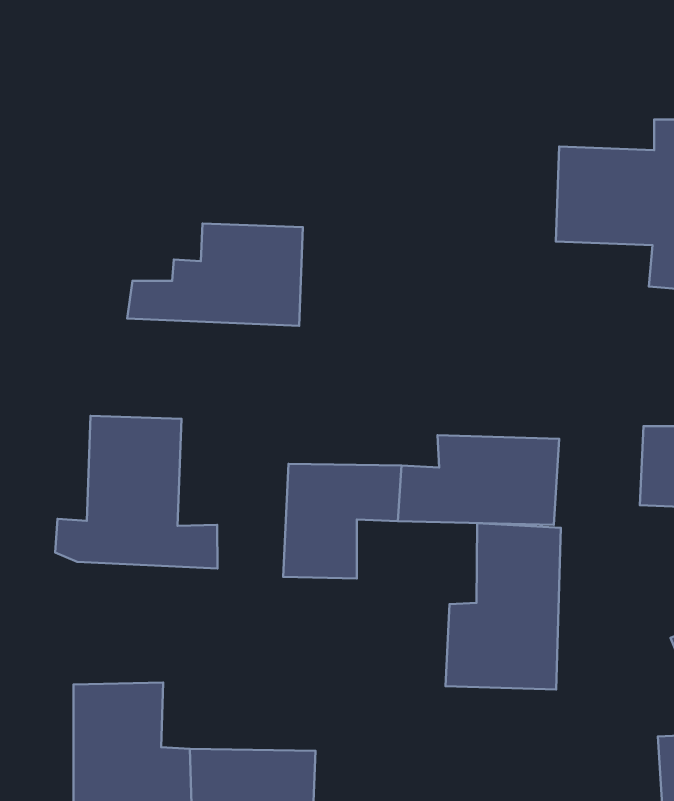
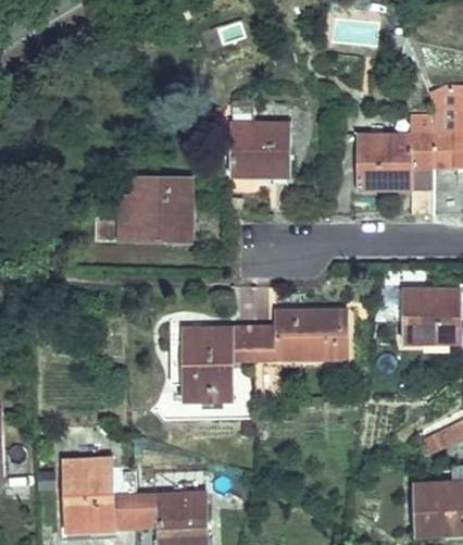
building: none -> [232,116,293,181]
building: [55,416,218,569] -> none
building: [445,523,561,689] -> none

